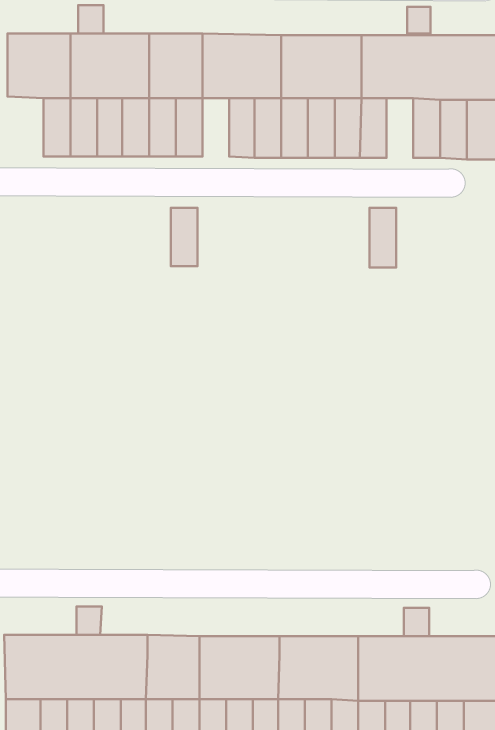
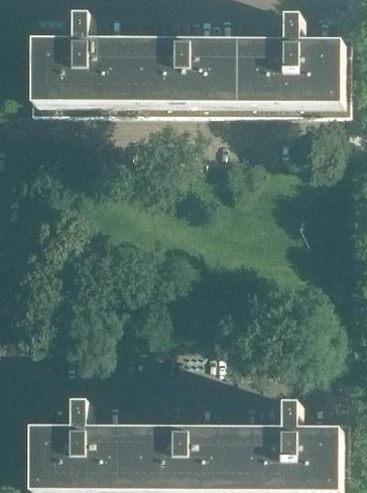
building: none -> [28,78,51,116]
building: [369,208,396,268] -> [271,79,288,117]
building: [171,208,197,266] -> [153,79,170,116]

